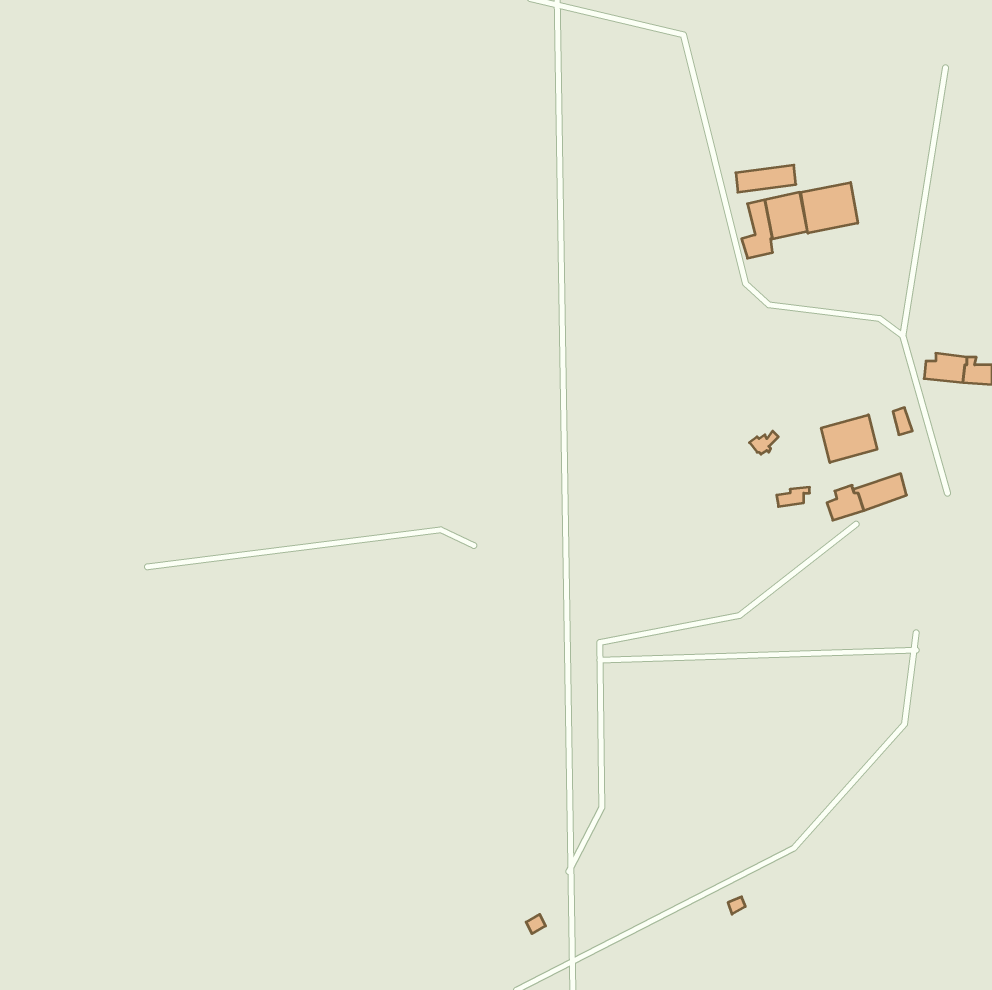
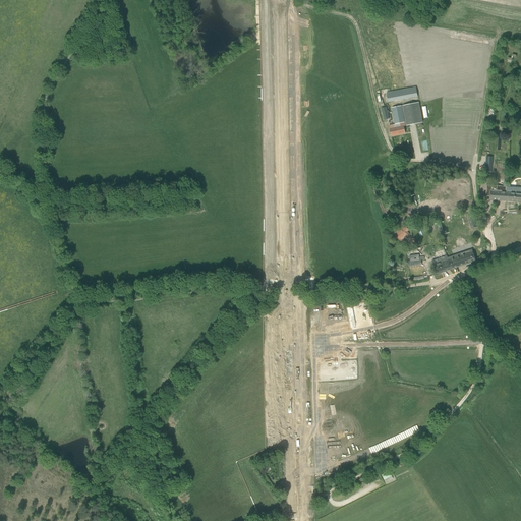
building: [801,182,858,233] -> none
building: [821,415,877,463] -> none

